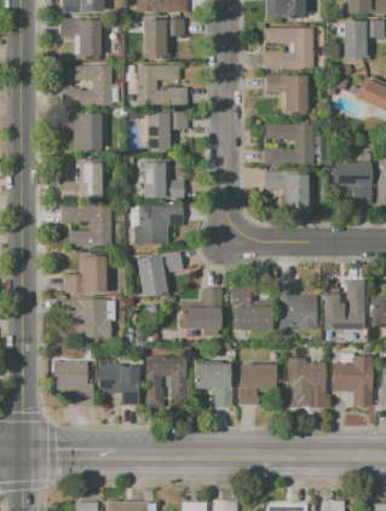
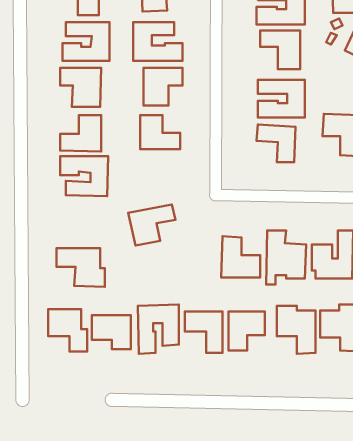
building: [140,204,185,243] -> none
building: [67,255,110,294] -> none
building: [179,288,220,330] -> none

